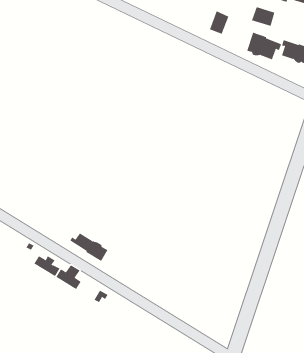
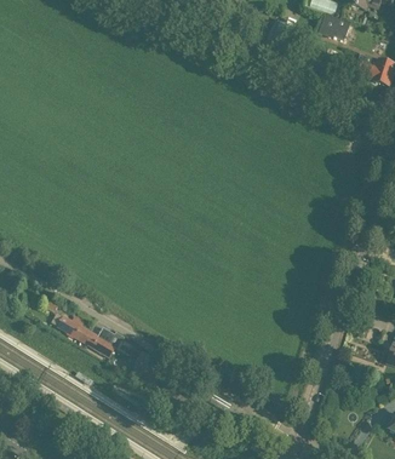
building: [246,32,282,60] -> none
building: [69,232,108,262] -> none

